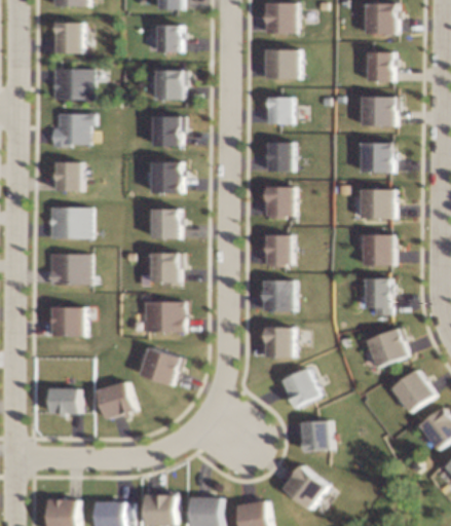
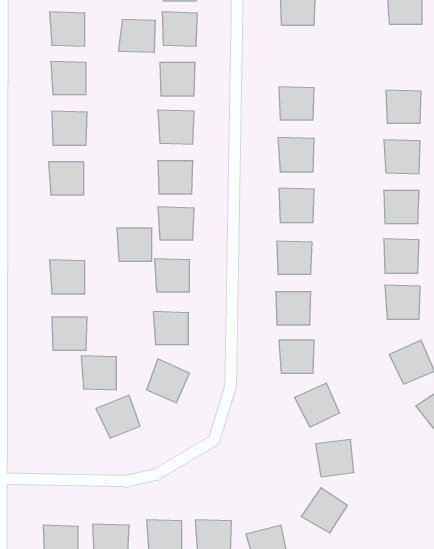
building: none -> [119,19,155,53]
building: [264,46,297,78] -> none
building: [365,51,398,82] -> none
building: [51,210,84,240] -> [117,228,152,261]
building: [46,385,79,417] -> [81,356,116,390]

